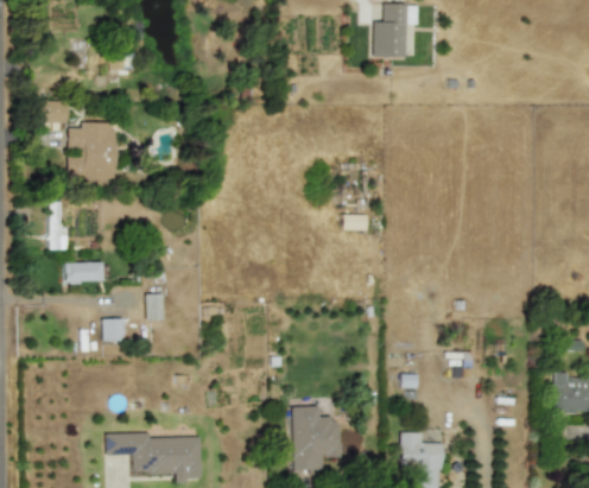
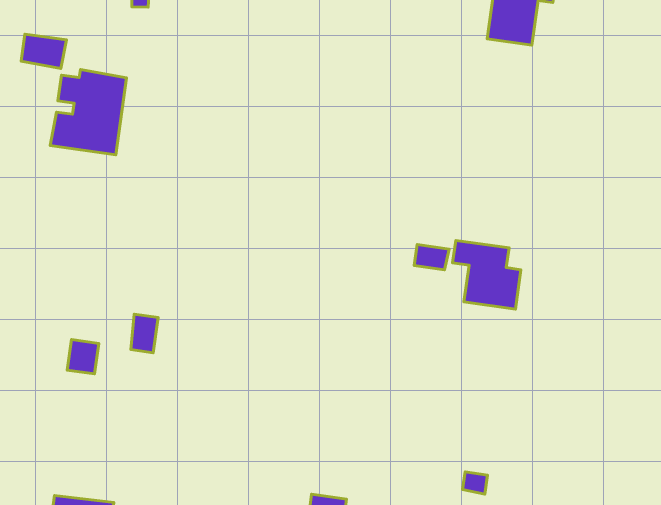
building: [49,201,66,249] -> none
building: none -> [453,240,521,309]
building: [64,261,102,283] -> none

